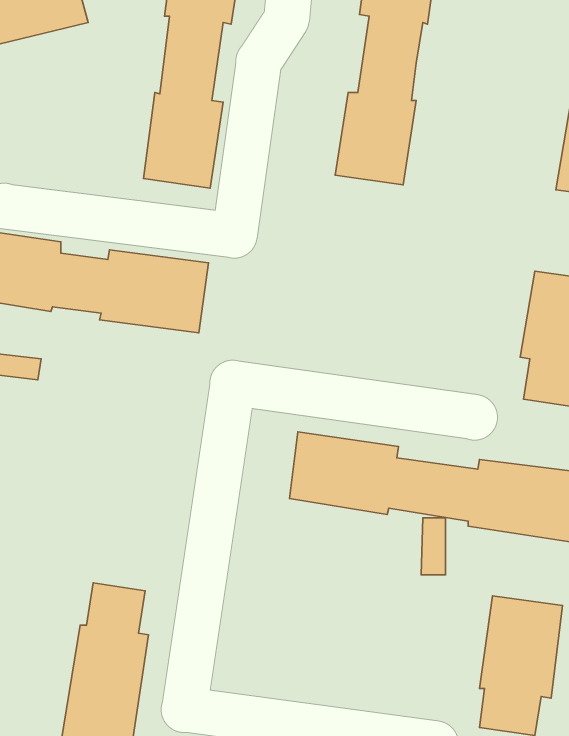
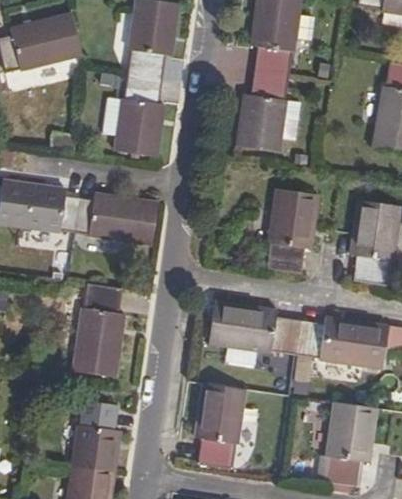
building: none -> [267,193,319,276]
building: none -> [75,281,126,374]
building: none -> [194,386,245,472]

